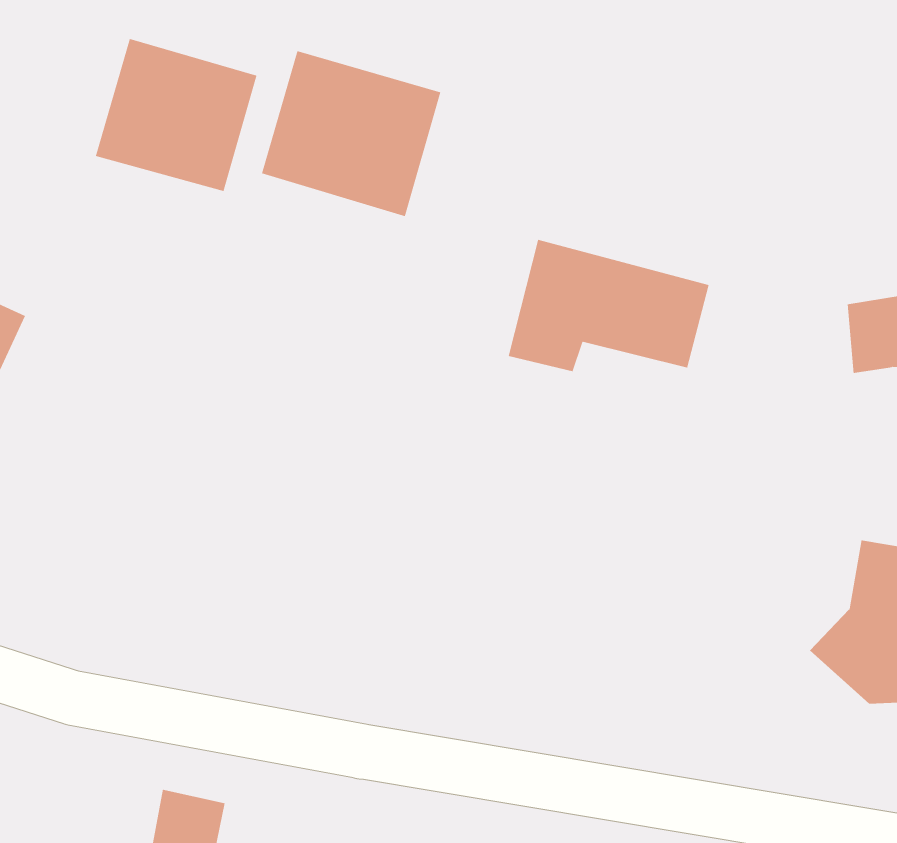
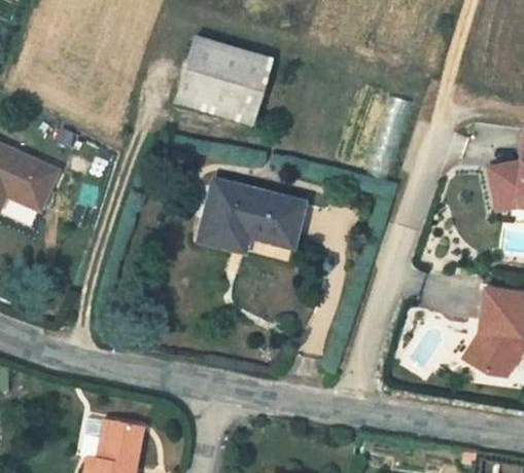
building: [95,38,257,192] -> none
building: [508,239,710,372] -> [196,181,301,250]

